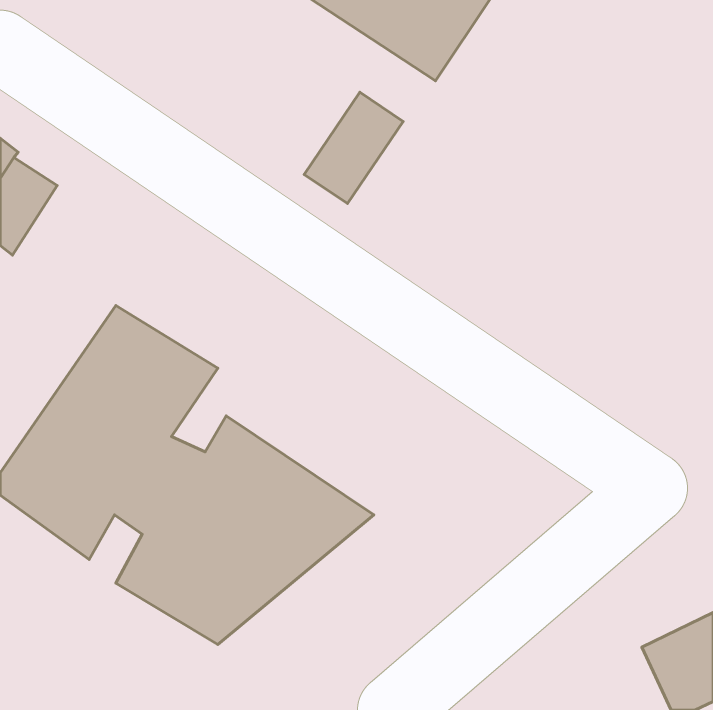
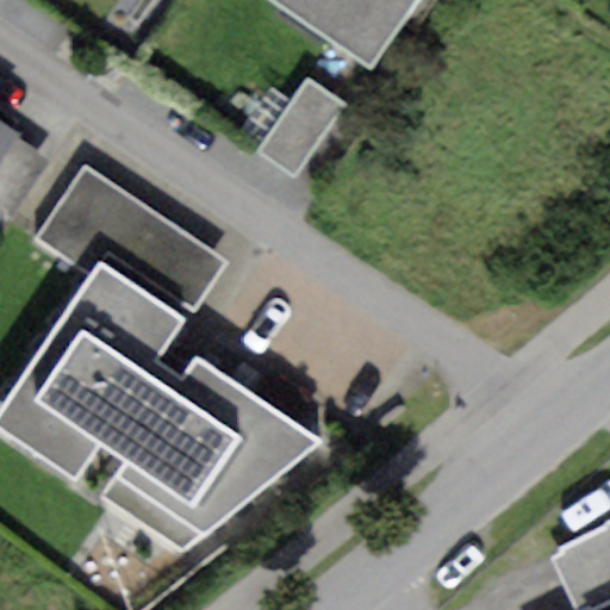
building: none -> [41,161,228,312]

